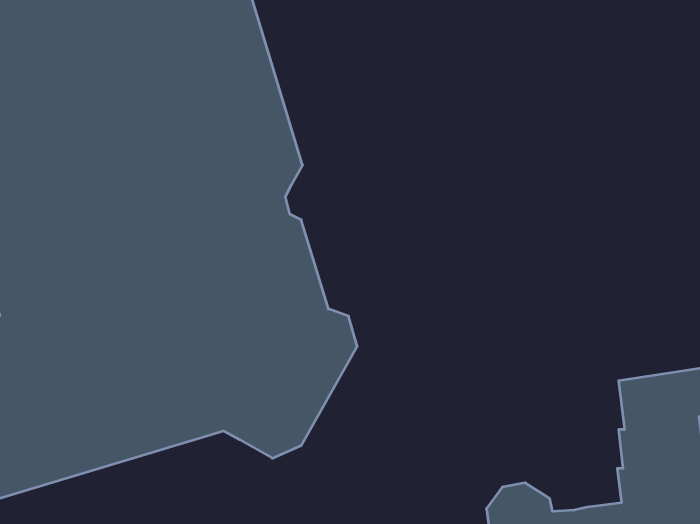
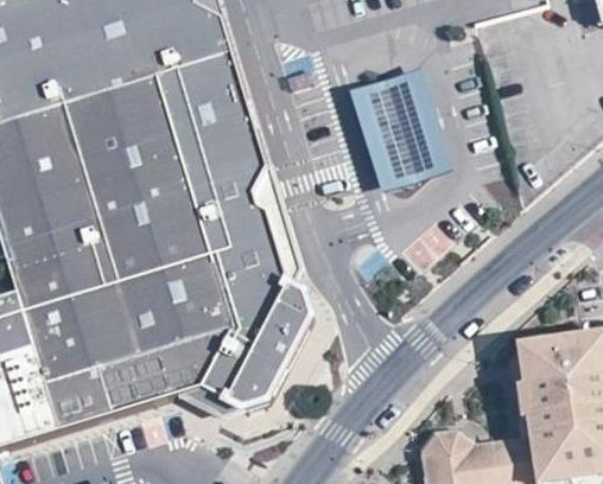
building: none -> [345,66,448,190]
building: none -> [472,345,534,453]

